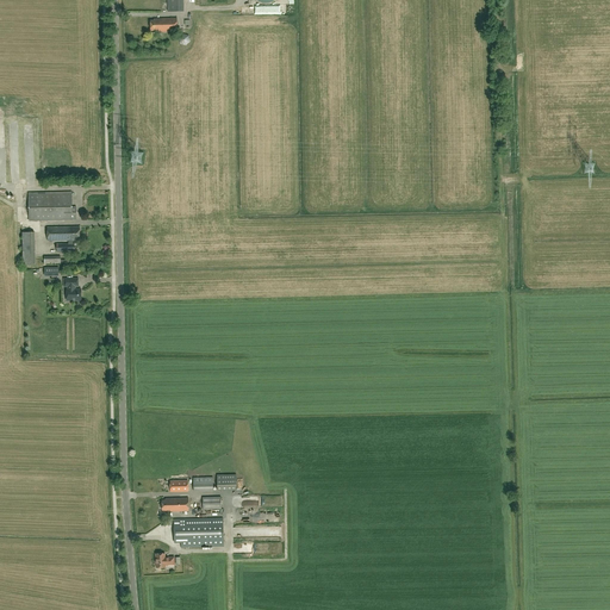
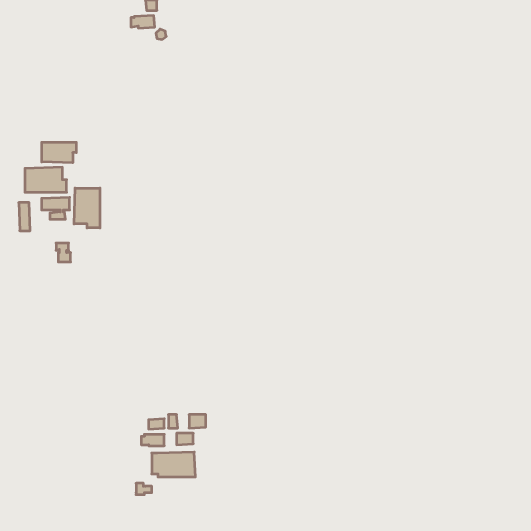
building: none -> [42,142,76,163]
building: none -> [74,188,100,228]

